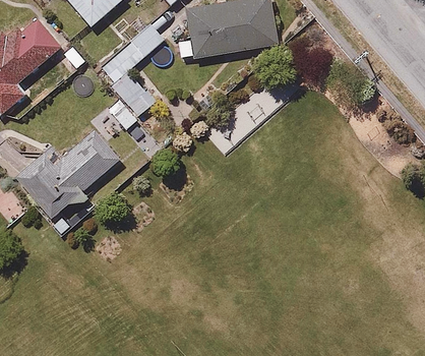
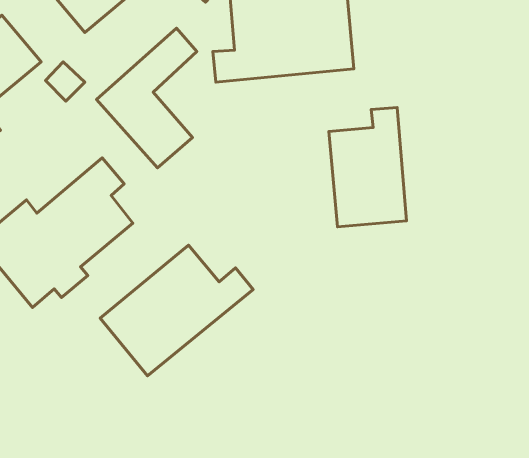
building: none -> [329,107,407,227]
building: none -> [100,245,253,376]

